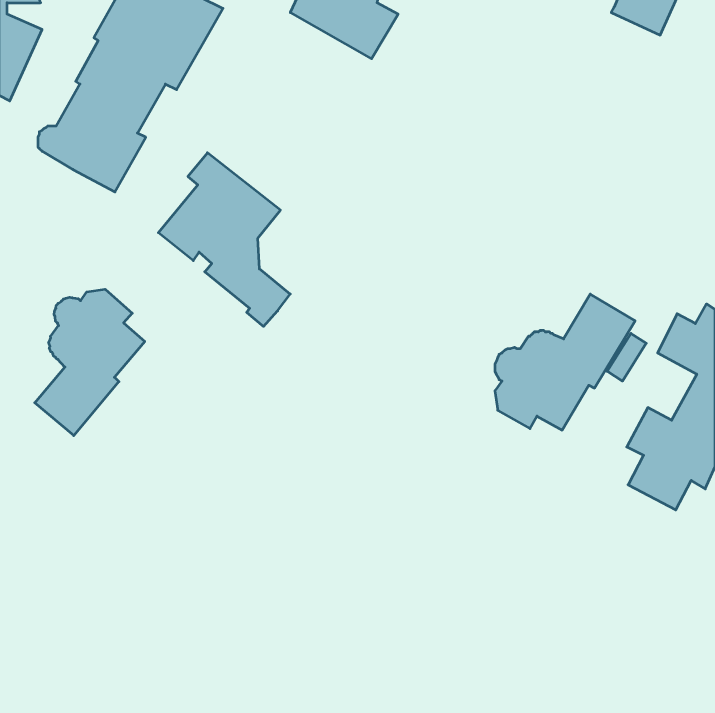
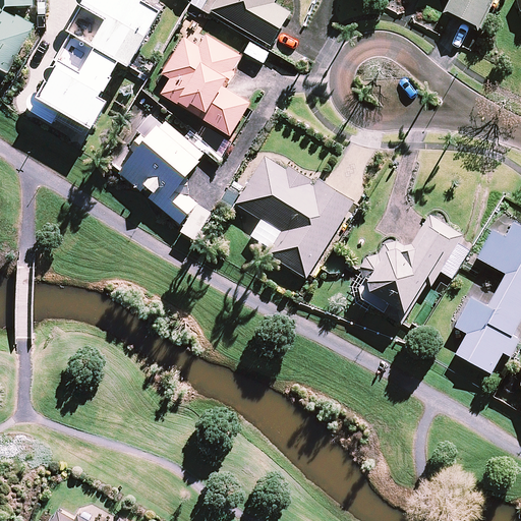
building: none -> [160,35,247,133]
building: none -> [236,155,354,277]
building: [35,289,145,436] -> none

